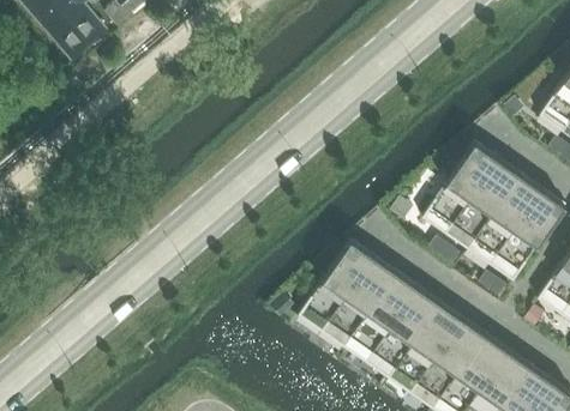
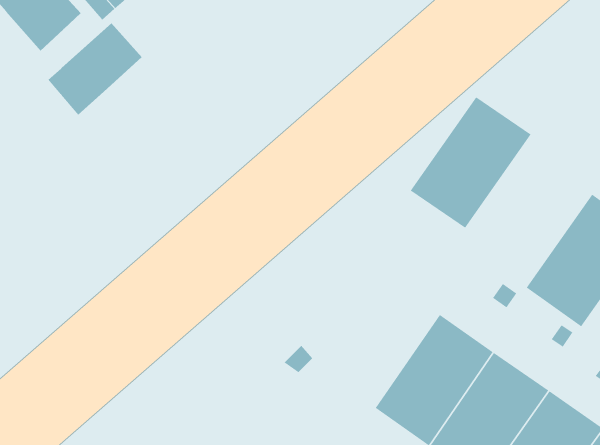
building: none -> [47,23,142,115]
building: [422,143,522,250] -> [410,96,532,229]
building: [299,241,397,349] -> none

